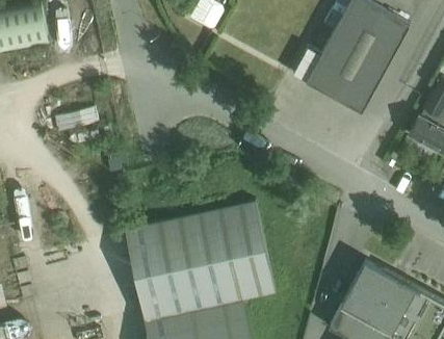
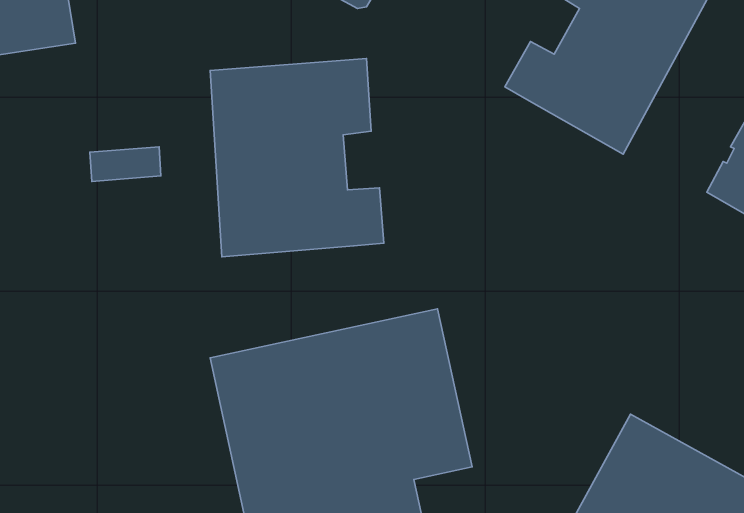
building: none -> [210,59,384,257]

